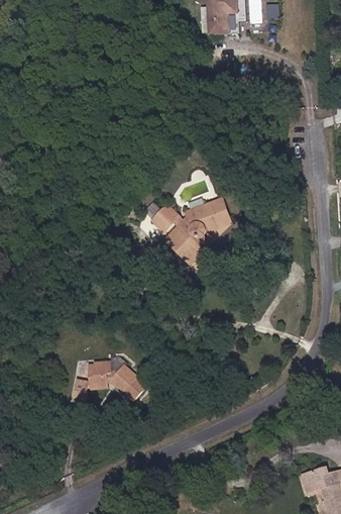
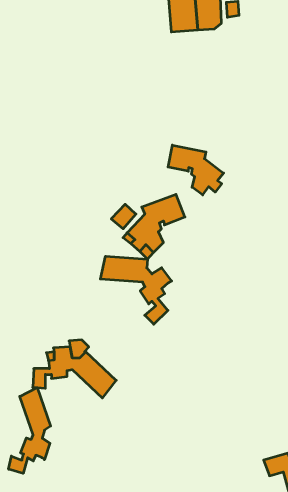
building: none -> [168,145,224,195]
building: none -> [100,256,172,324]
building: none -> [9,388,51,473]

